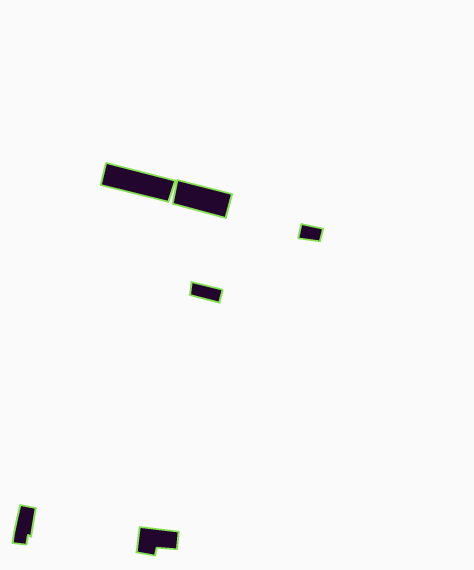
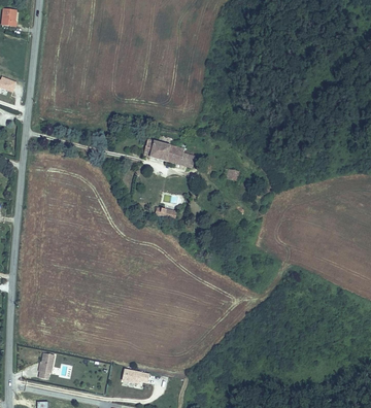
building: [101,163,175,202] -> none

